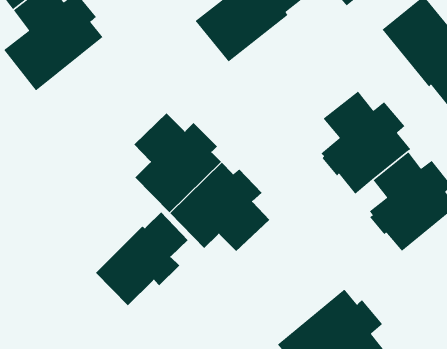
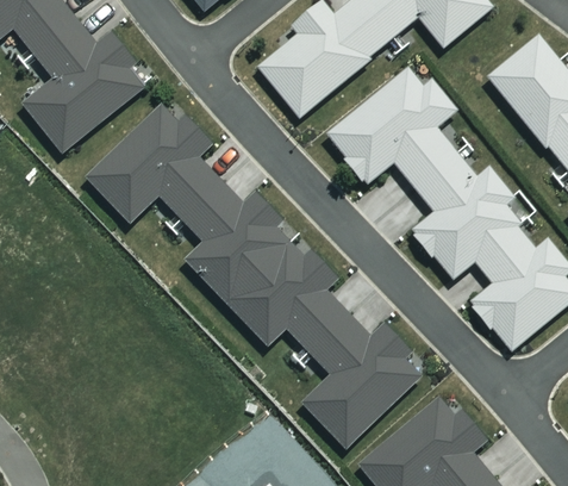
building: none -> [326,67,457,186]
building: none -> [85,102,221,223]
building: [95,211,188,306] -> none
building: none -> [301,311,422,448]

